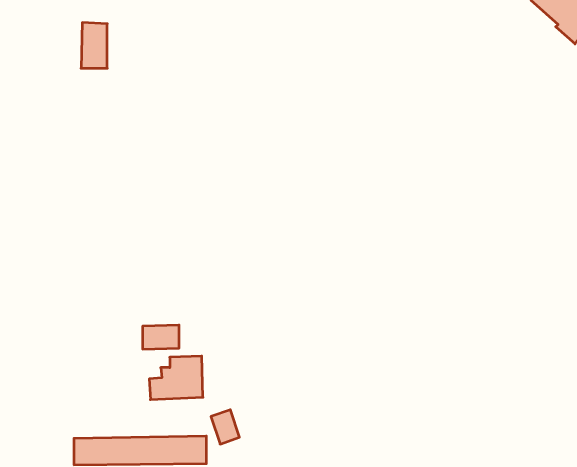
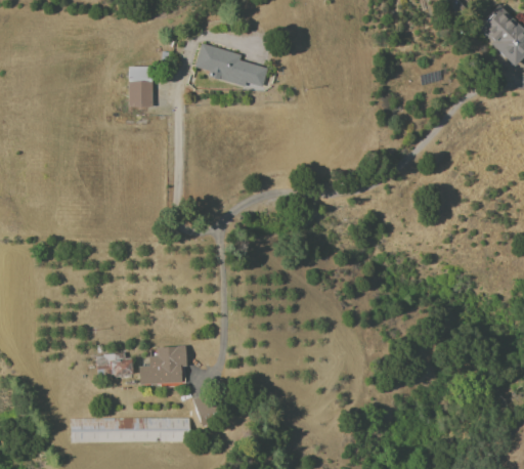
building: none -> [195,44,268,87]
building: [81,23,107,68] -> [129,67,152,108]
building: [143,325,179,349] -> [97,354,130,376]

